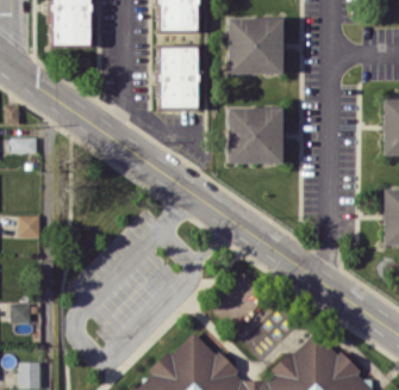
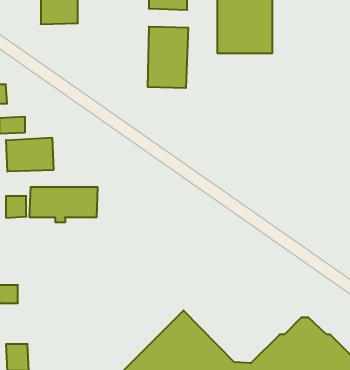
building: [227,107,282,165] -> none
building: none -> [6,138,53,172]
building: none -> [30,187,97,222]

